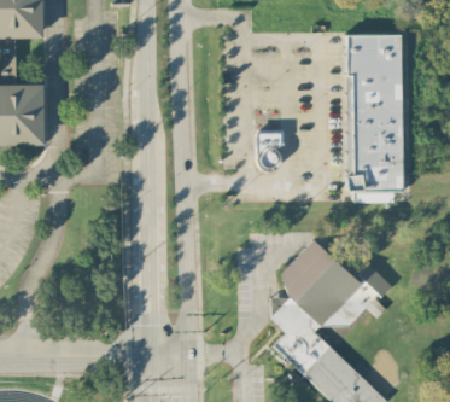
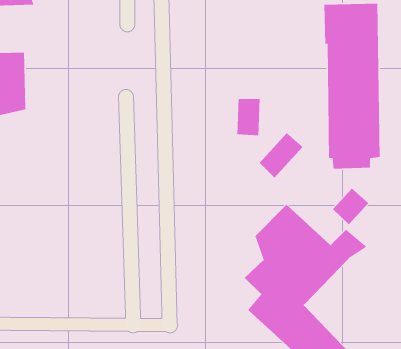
building: none -> [259,132,303,178]
building: none -> [332,188,369,225]

